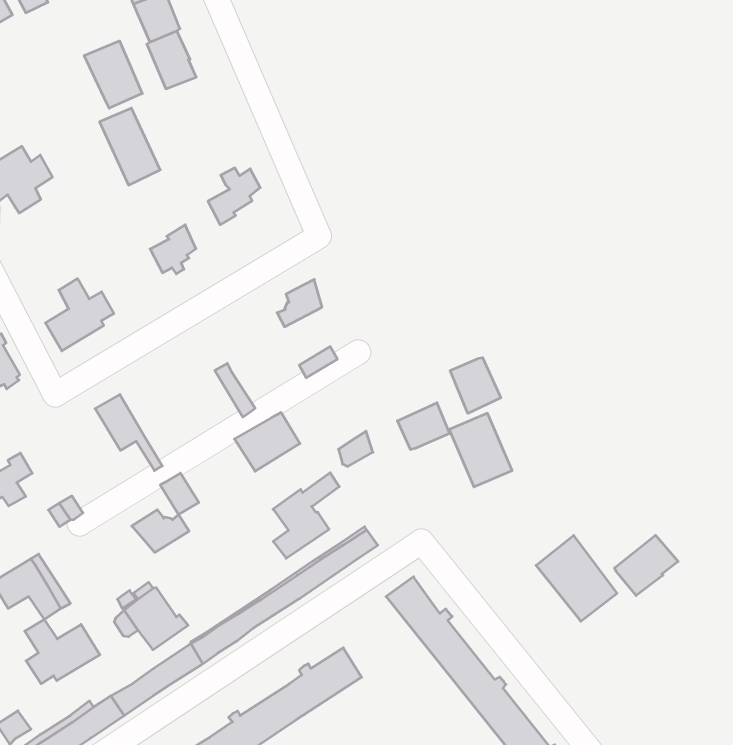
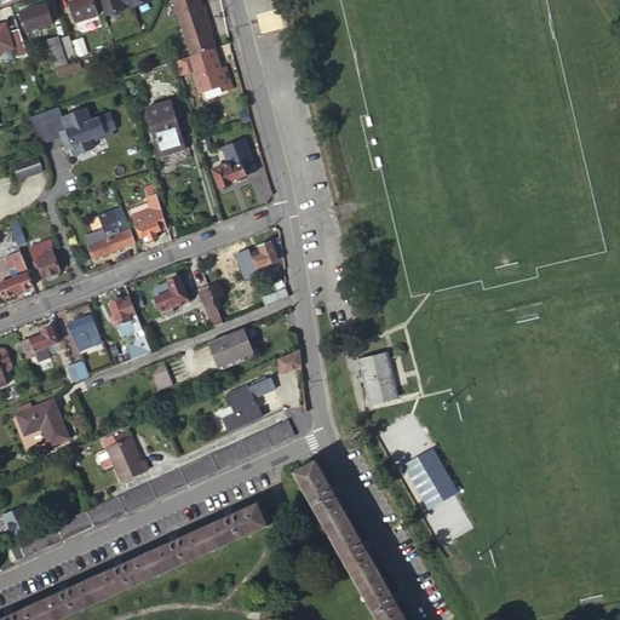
building: [84,41,142,108] -> none
building: [150,225,196,274] -> [132,207,165,241]
building: none -> [150,276,185,316]
building: [450,358,501,413] -> none
building: [397,403,449,450] -> none
building: none -> [67,316,99,352]
building: [132,510,189,552] -> none
building: [615,535,678,596] -> none
building: [25,620,100,684] -> none

